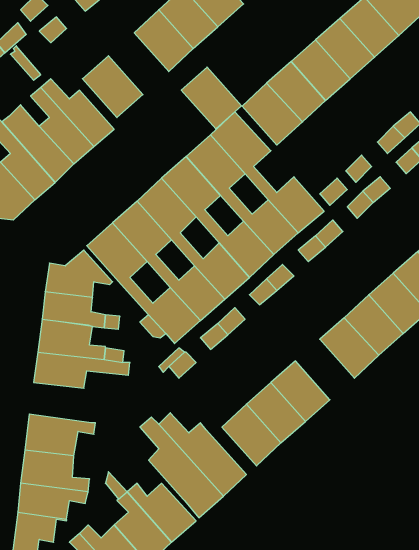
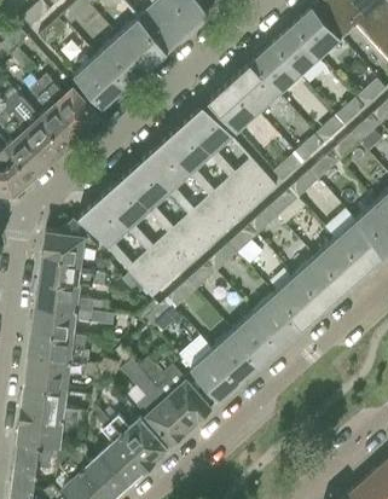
building: [181,67,242,129] -> [95,37,146,89]
building: none -> [253,295,302,346]
building: none -> [29,331,85,365]

